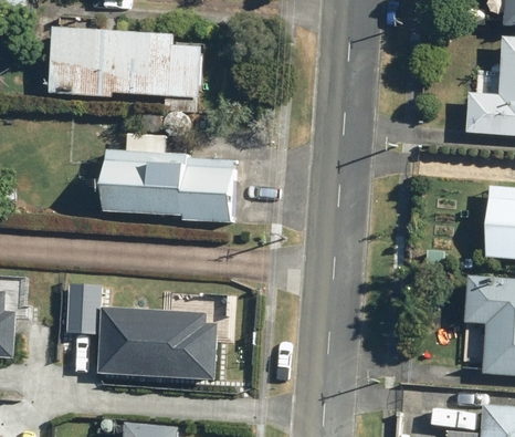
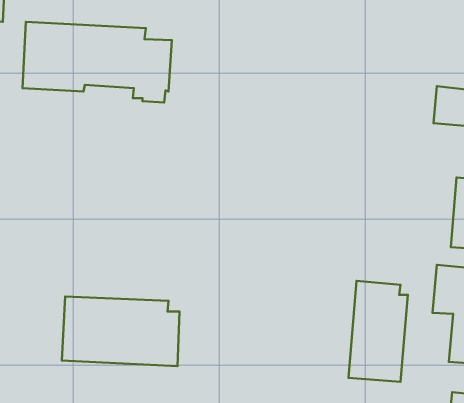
building: [104,134,232,221] -> none
building: none -> [349,281,408,382]

